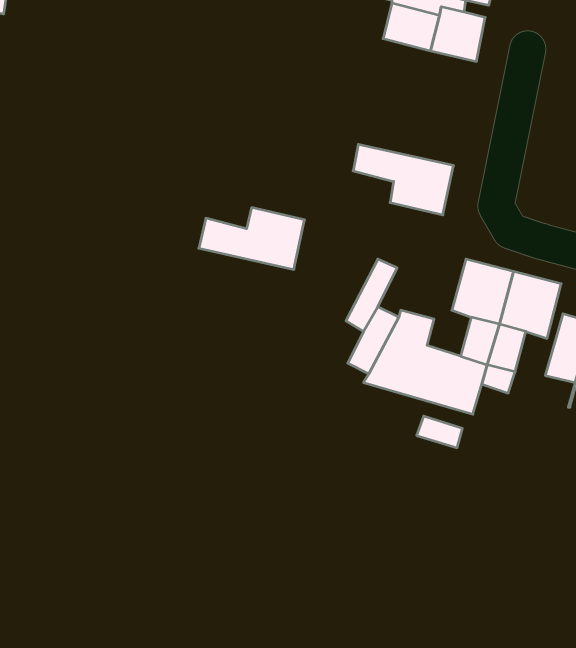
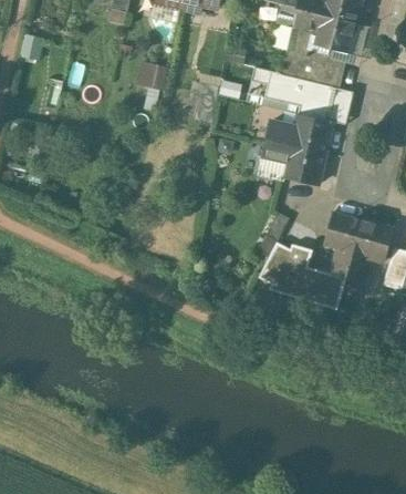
building: none -> [137,59,169,88]
building: none -> [262,70,339,112]
building: [199,208,305,269] -> [264,114,331,153]

